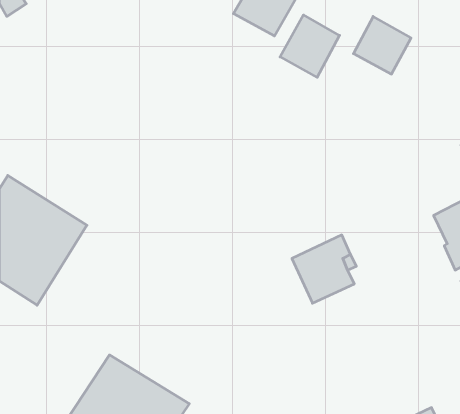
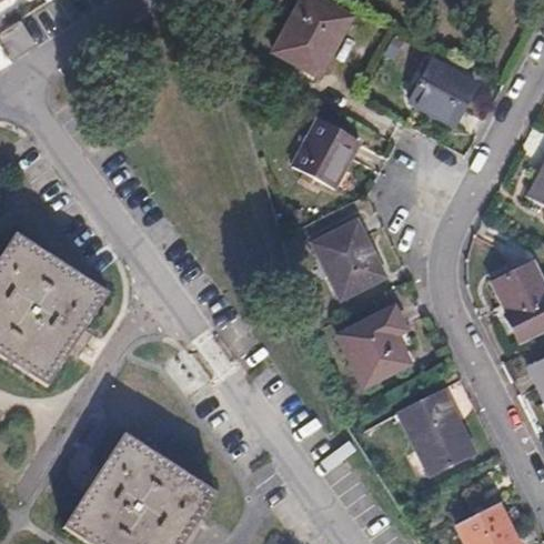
building: [280,15,340,77] -> [290,115,357,187]
building: none -> [313,218,385,295]
building: none -> [397,390,471,472]

